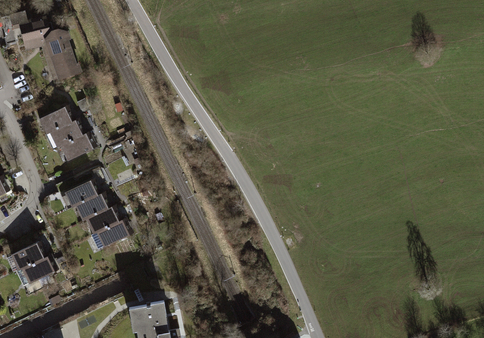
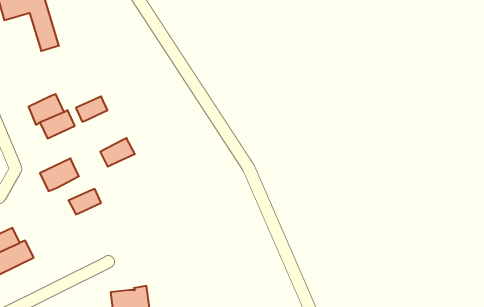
building: [40,107,70,131] -> [76,96,108,122]
building: [76,194,109,221] -> [100,138,135,167]
building: [97,219,129,248] -> none

